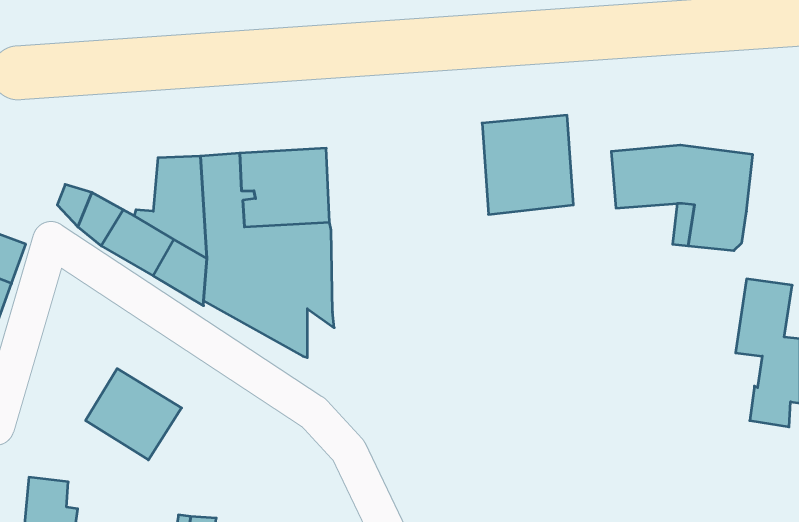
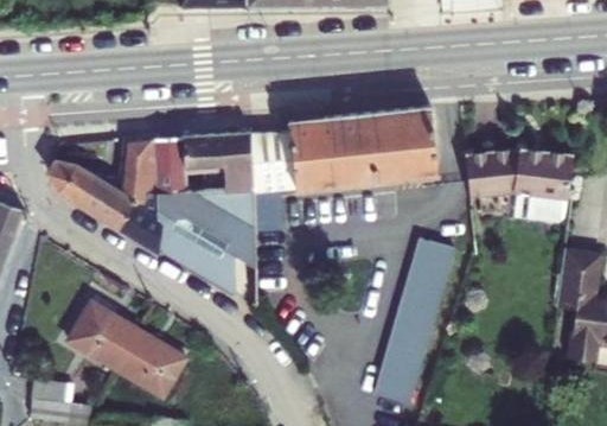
building: none -> [249,117,371,198]
building: none -> [370,244,453,412]
building: none -> [115,332,186,400]

